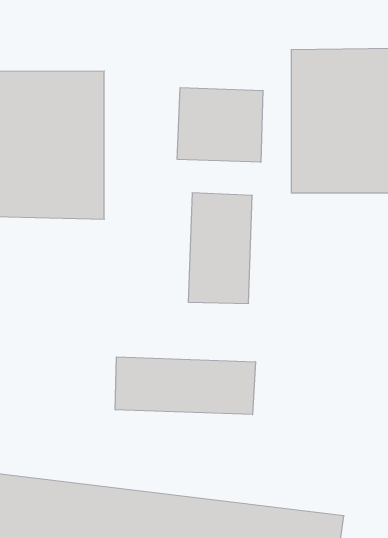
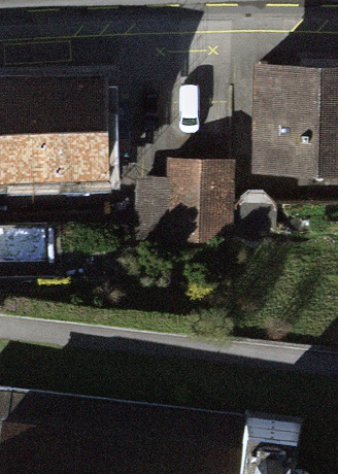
building: [177,88,263,162] -> none
building: [115,357,255,415] -> none

